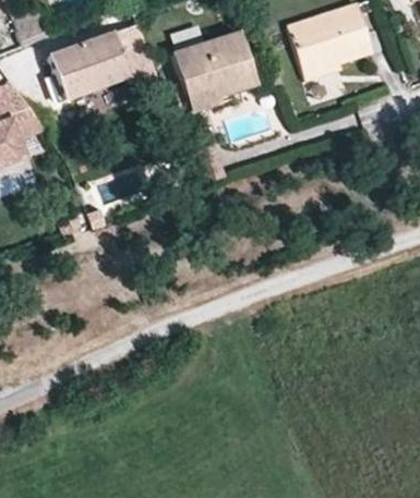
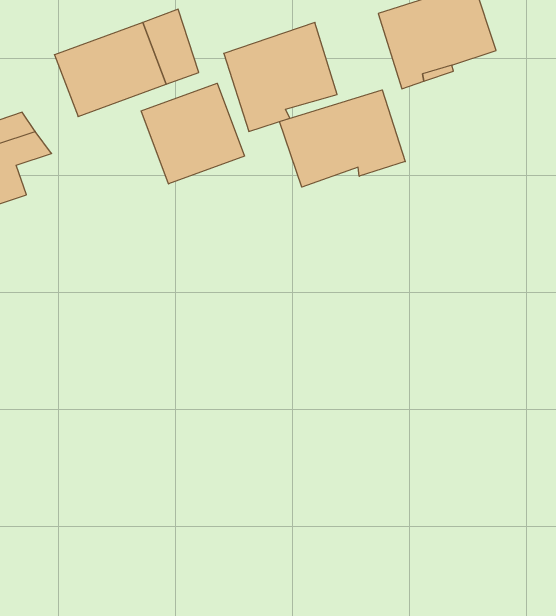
building: none -> [141,83,245,184]
building: none -> [279,90,405,187]

